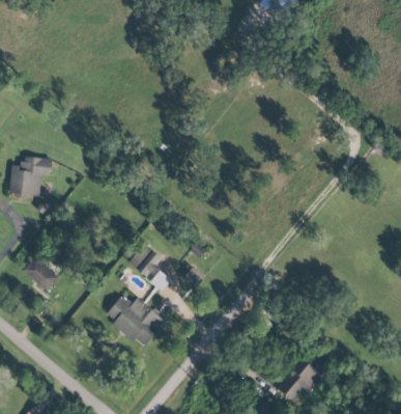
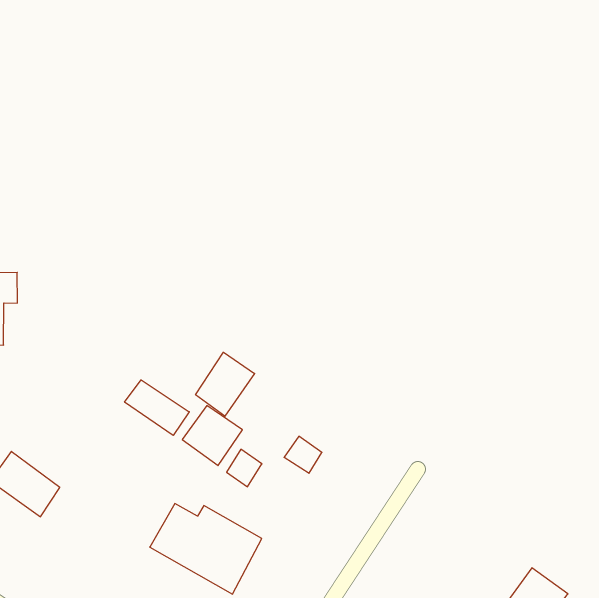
building: none -> [196,352,255,416]
building: none -> [125,380,189,435]

